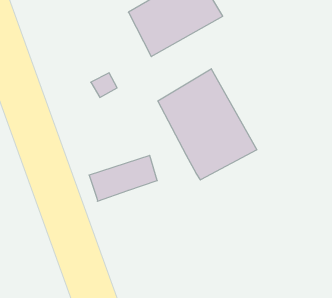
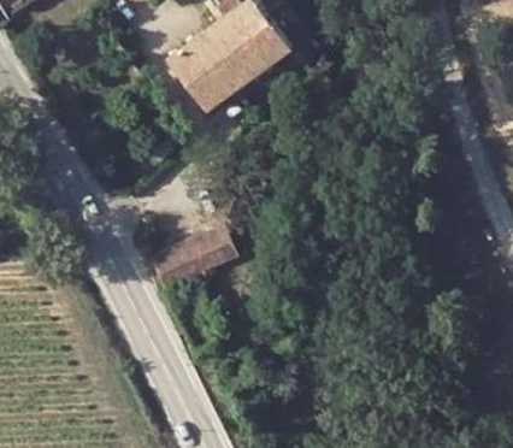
building: [158,69,257,180] -> none

